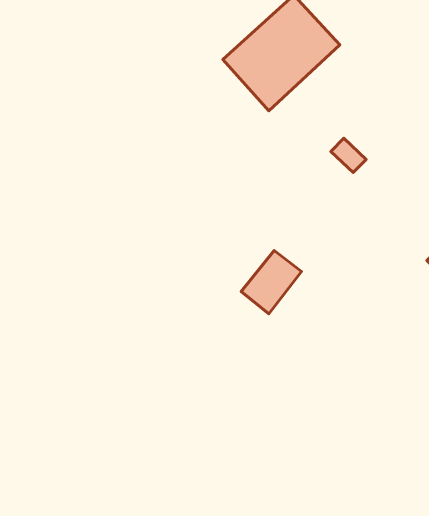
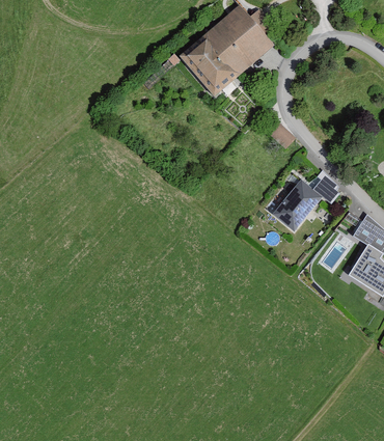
building: [241,251,302,314] -> [274,180,322,229]

